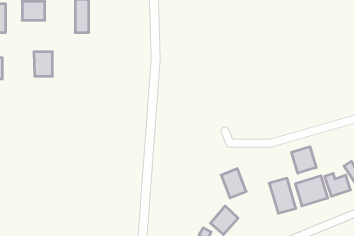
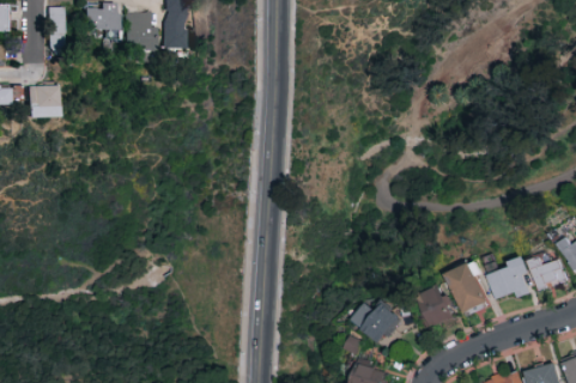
building: [34,52,53,76] -> [126,12,153,48]
building: [291,147,316,173] -> none
building: [221,169,246,198] -> [418,285,455,328]

